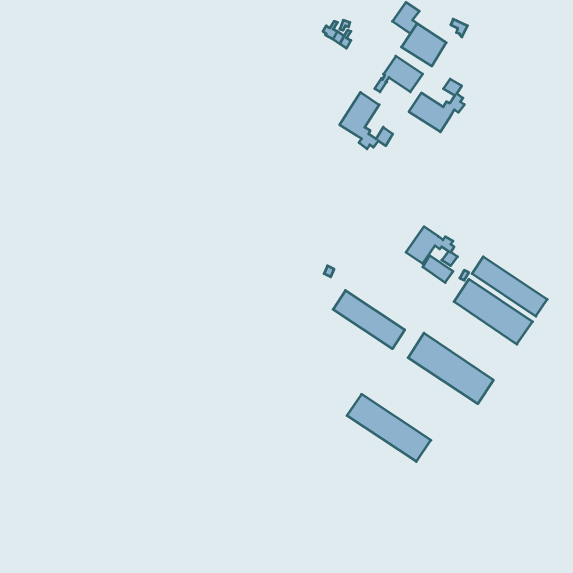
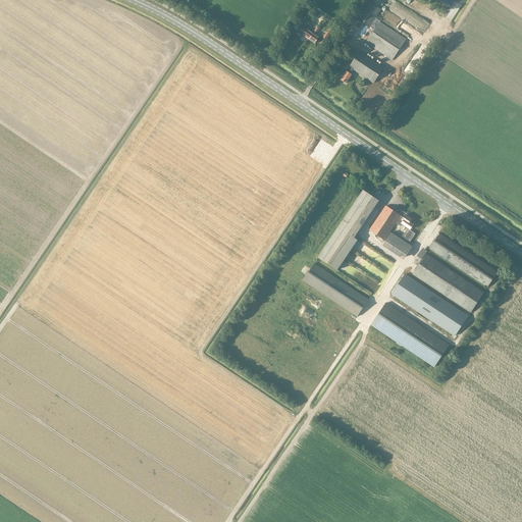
building: [409,79,464,132] -> none
building: [340,92,393,149] -> none
building: none -> [318,191,377,270]
building: [347,394,431,462] -> [392,275,468,336]

